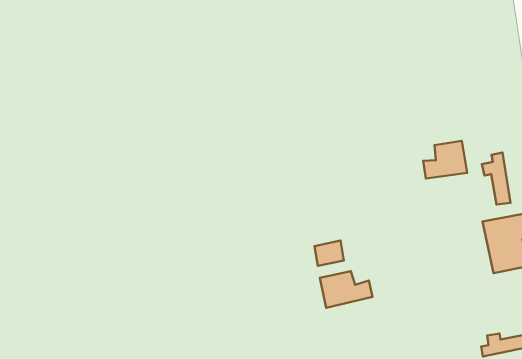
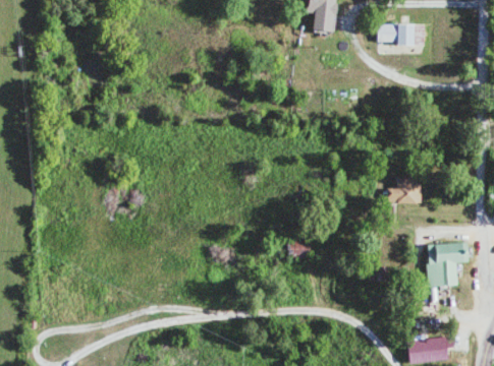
building: [482,153,511,204] -> none
building: [320,271,372,308] -> none

